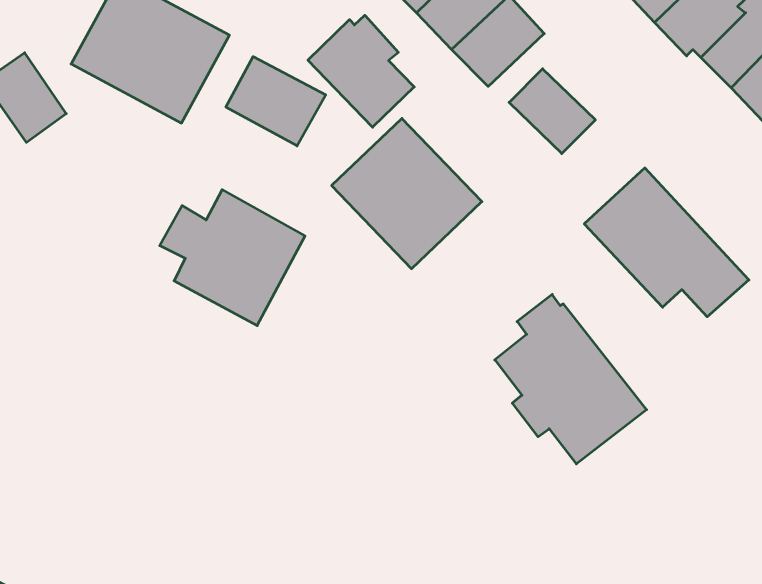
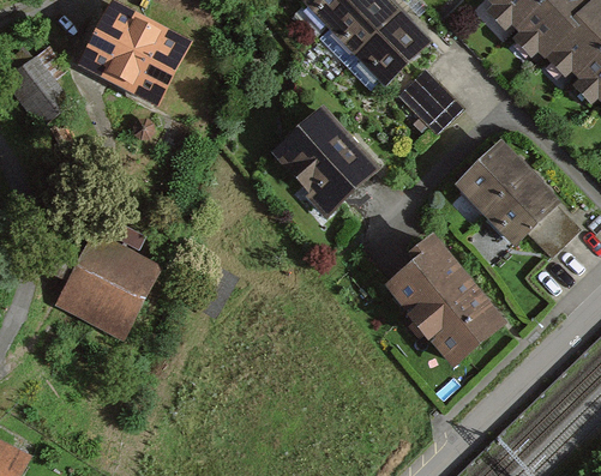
building: [308,15,414,127] -> none
building: [226,57,326,146] -> none
building: [160,190,305,326] -> [48,234,157,336]

